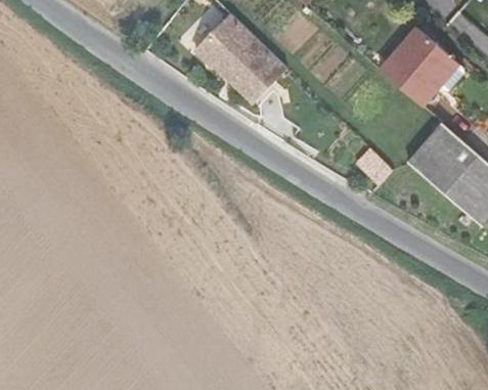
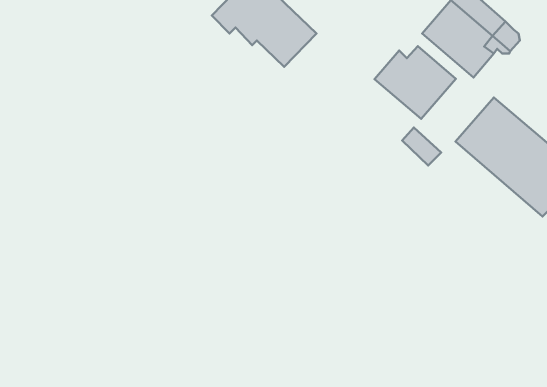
building: none -> [375,46,456,119]

